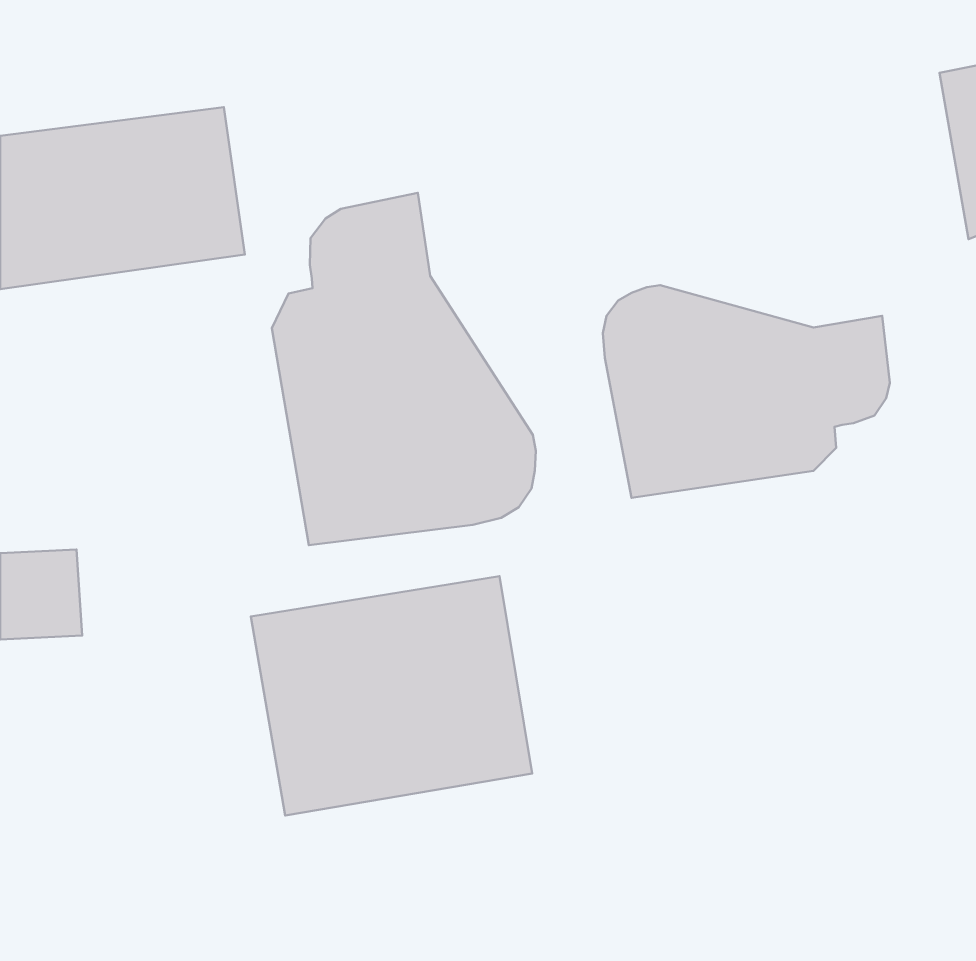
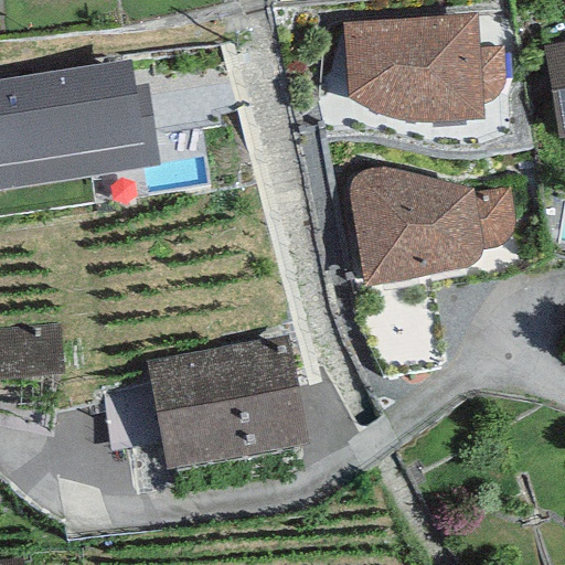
building: none -> [342,13,505,128]
building: [272,193,536,545] -> none

